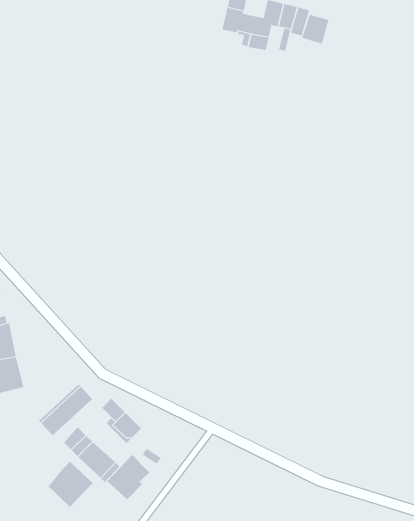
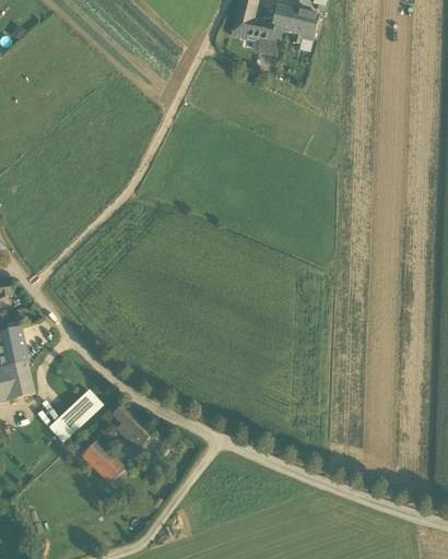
building: [302,14,329,44] -> none
building: [106,454,150,500] -> none
building: [48,461,94,508] -> none

